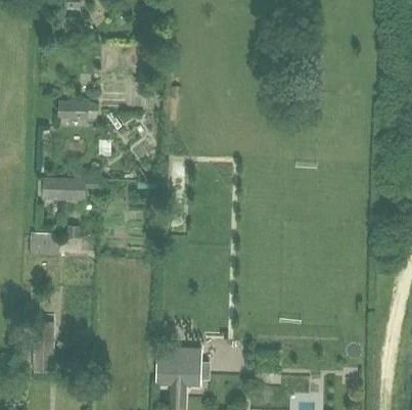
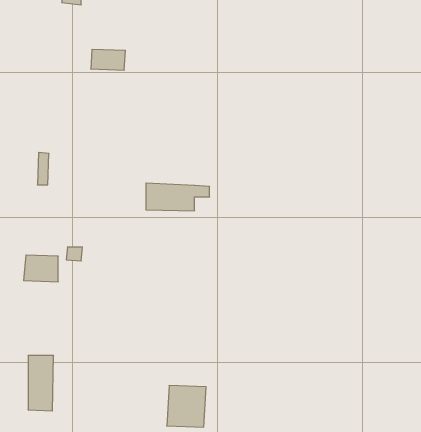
building: [58,101,89,120] -> [91,49,125,70]
building: [43,176,99,200] -> [146,183,210,211]

